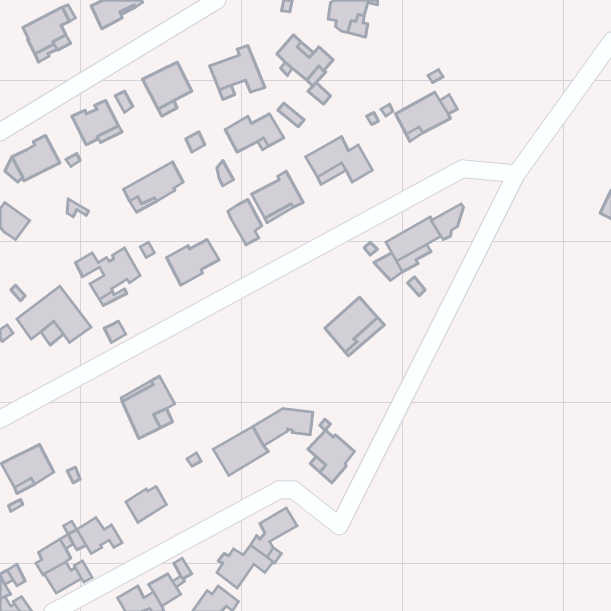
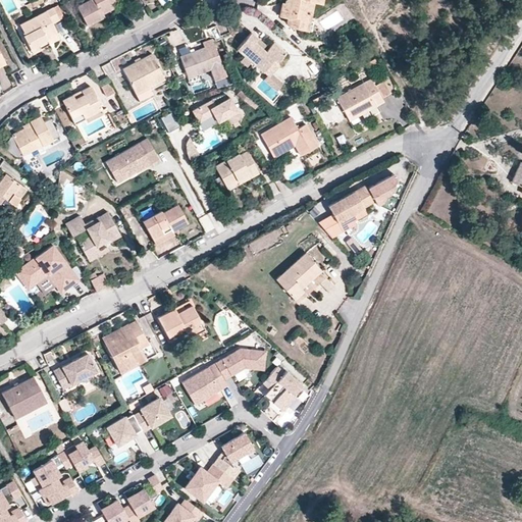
building: [228,200,262,245] -> none
building: none -> [159,305,206,337]
building: none -> [55,354,97,389]
building: none -> [135,399,171,432]

